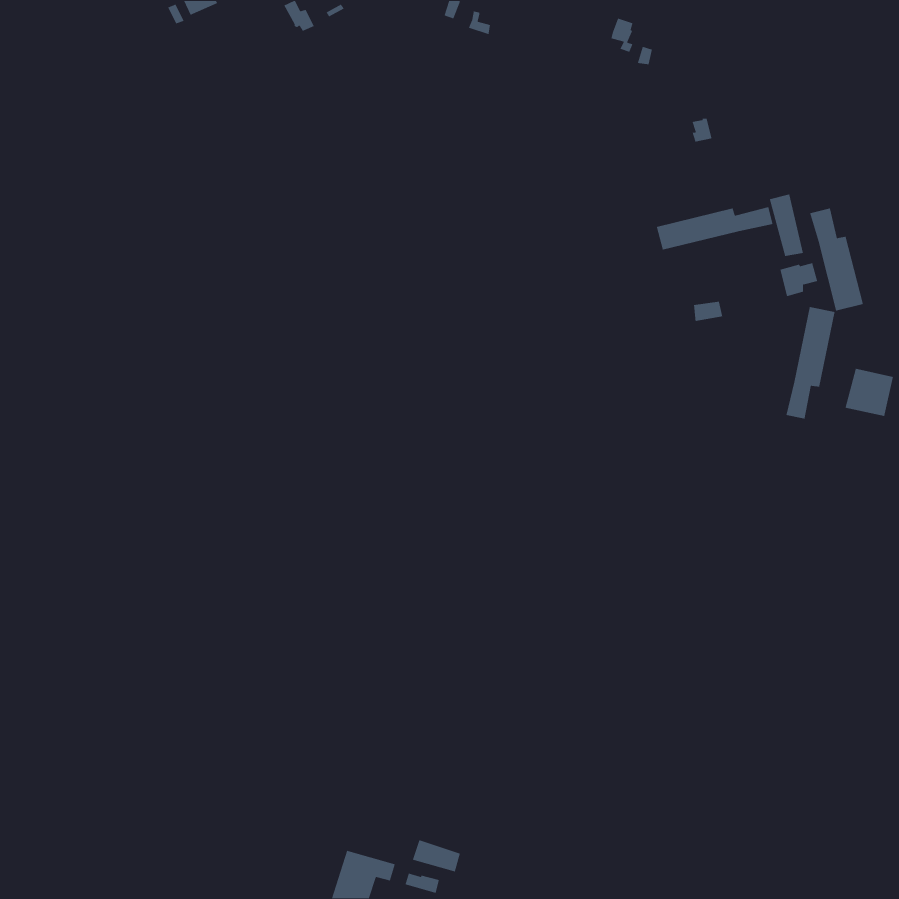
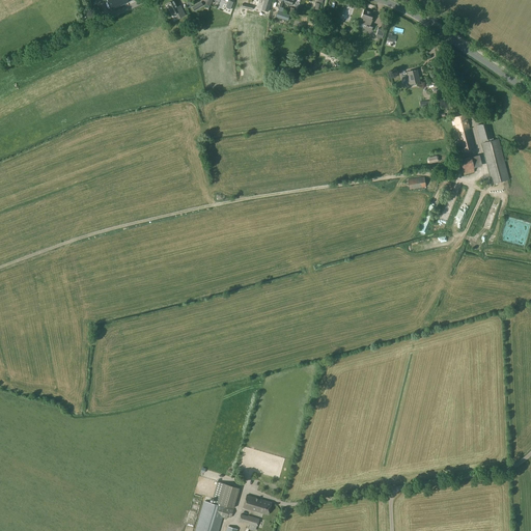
building: [656,206,773,251] -> none
building: [785,306,836,419] -> none
building: none -> [214,481,240,508]

